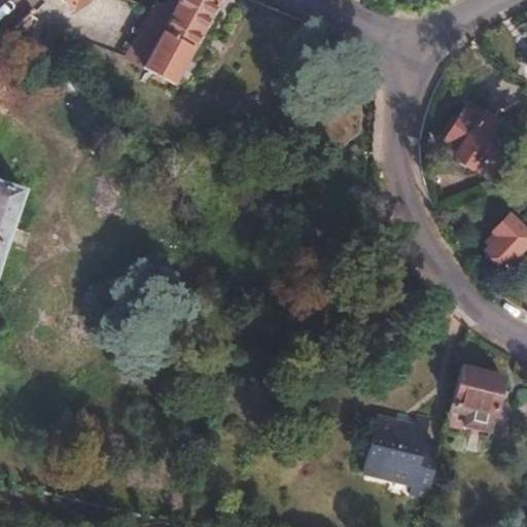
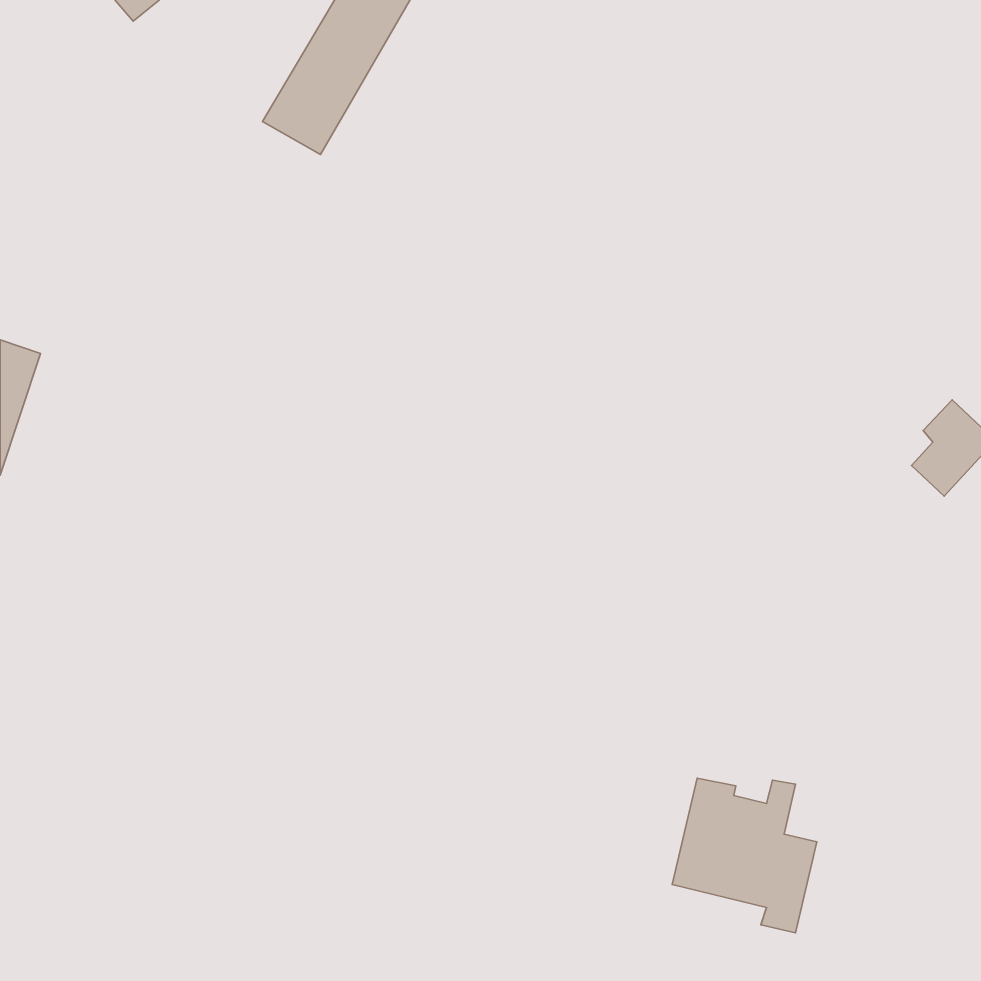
building: [442,104,514,174] -> none
building: [449,365,502,432] -> none

